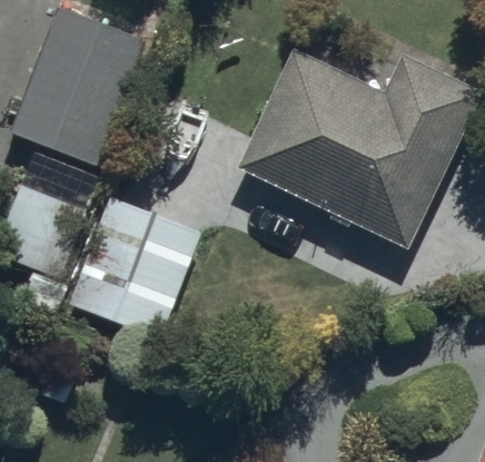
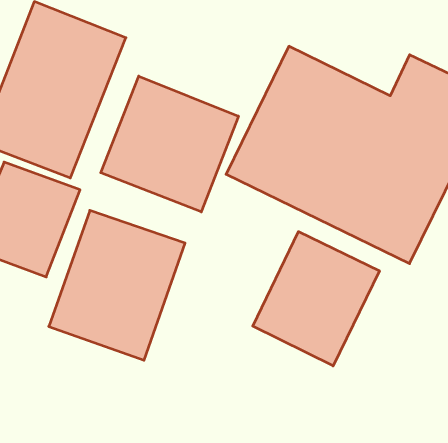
building: none -> [101,76,238,212]
building: none -> [253,232,379,366]

